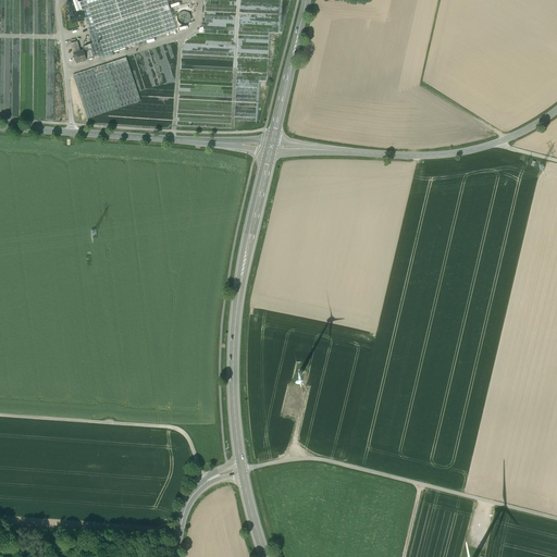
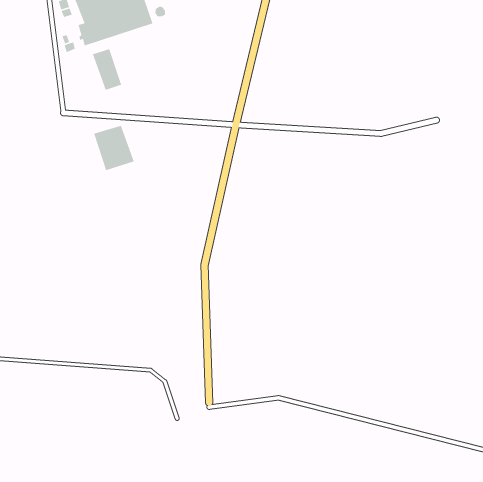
building: [74,62,122,115] -> [93,125,135,171]

